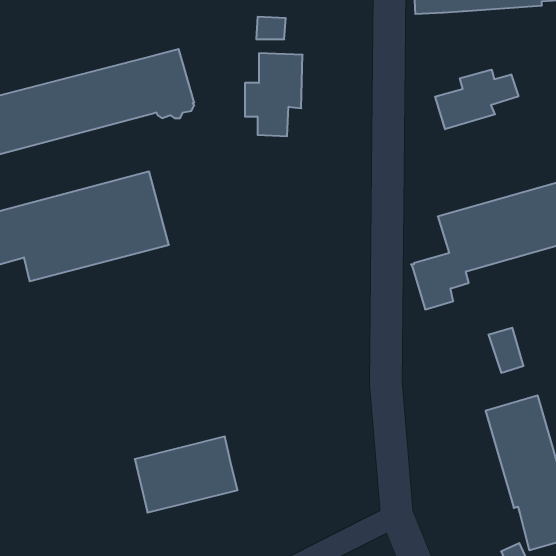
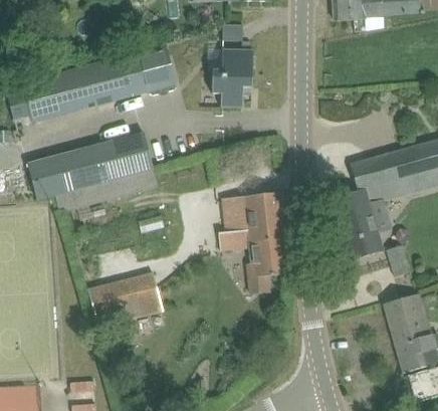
building: [435,70,518,129] -> none
building: none -> [217,192,290,294]
building: none -> [340,211,383,259]
building: [135,437,238,513] -> [88,271,162,326]

